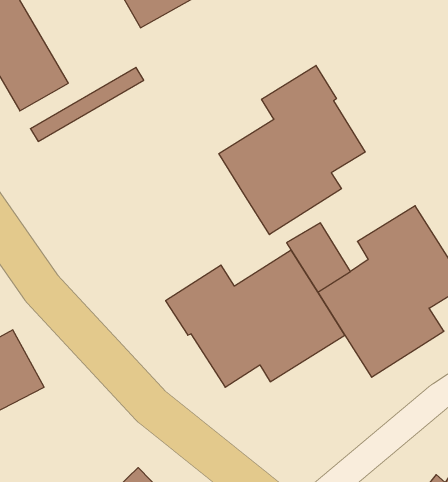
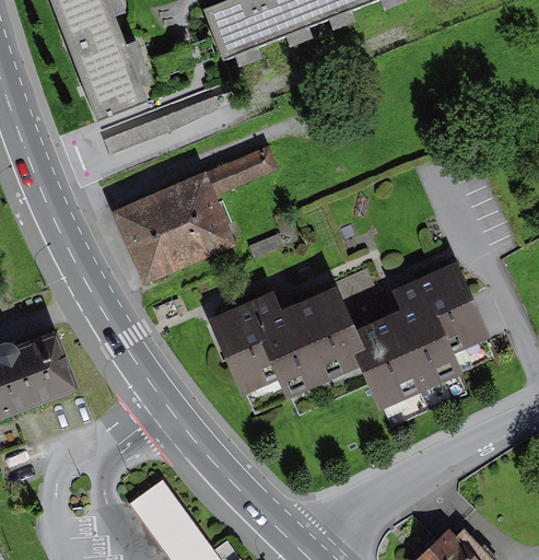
building: [219,65,365,235] -> none
building: none -> [116,145,276,278]

